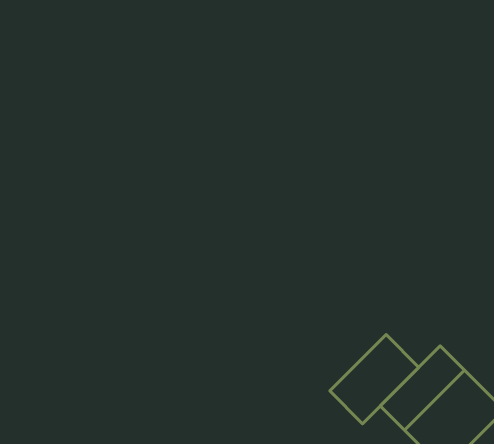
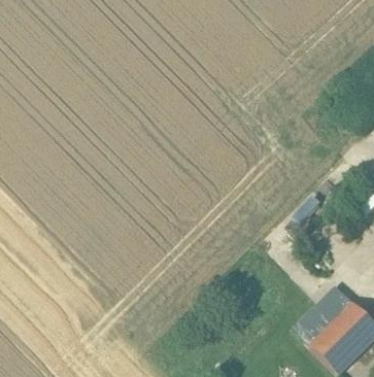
building: [330,335,419,424] -> none

